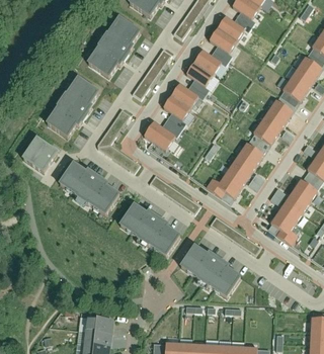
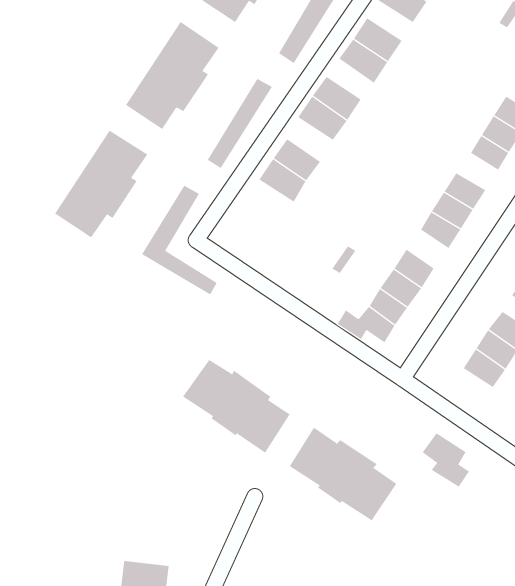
building: [143,116,177,149] -> none
building: [21,136,59,172] -> none
building: [56,160,124,219] -> none
building: [271,211,299,243] -> [422,432,470,488]

